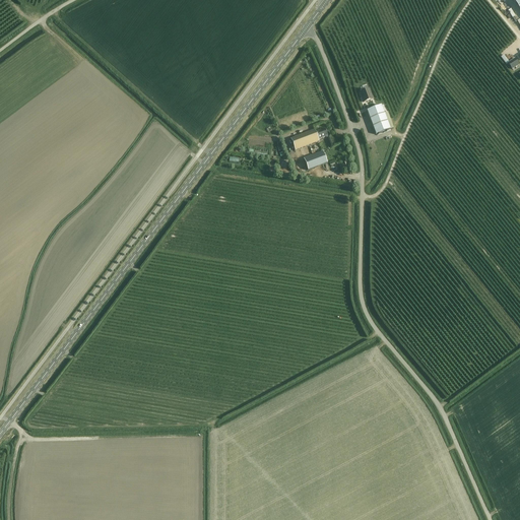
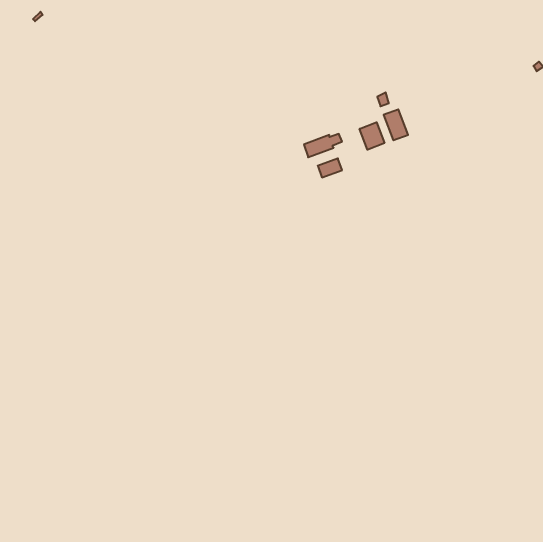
building: none -> [360,122,384,150]

